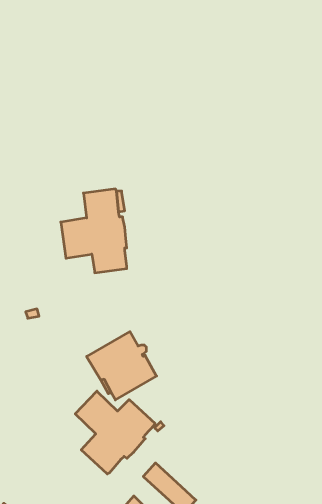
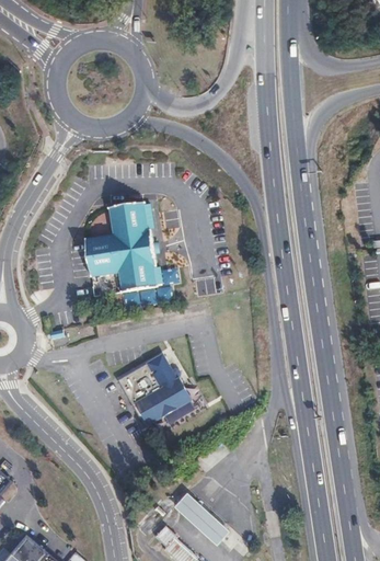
building: [75,391,155,474] -> none

